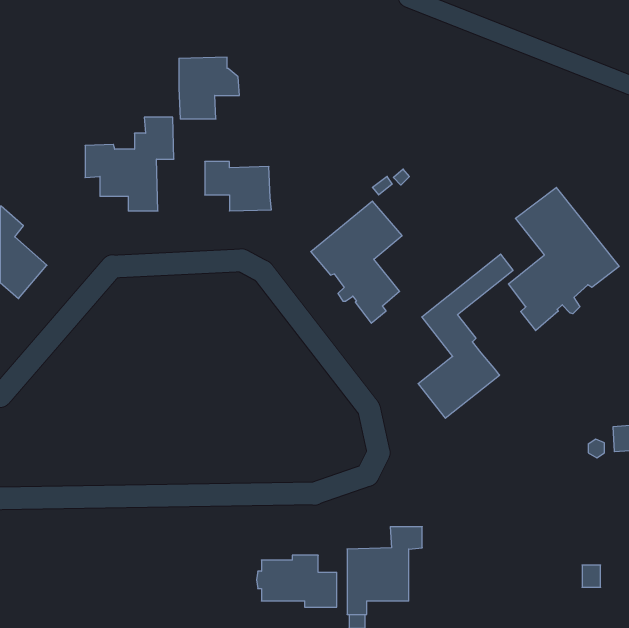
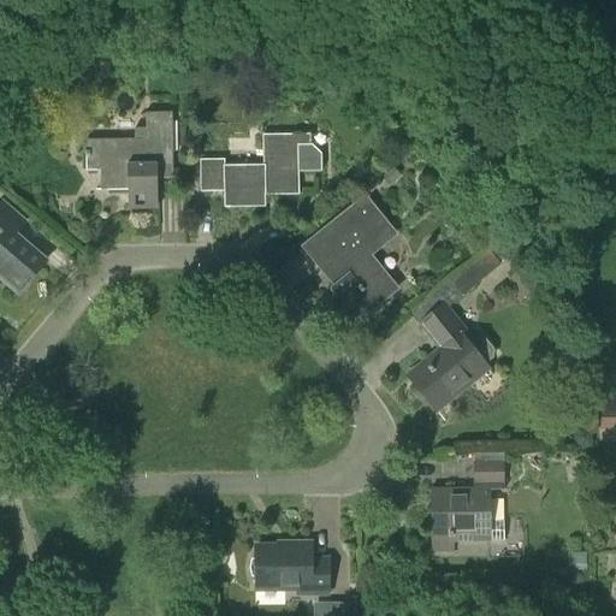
building: [179,57,239,119] -> [263,132,322,192]
building: [508,187,619,331] -> none
building: [347,527,422,614] -> [432,467,505,552]

